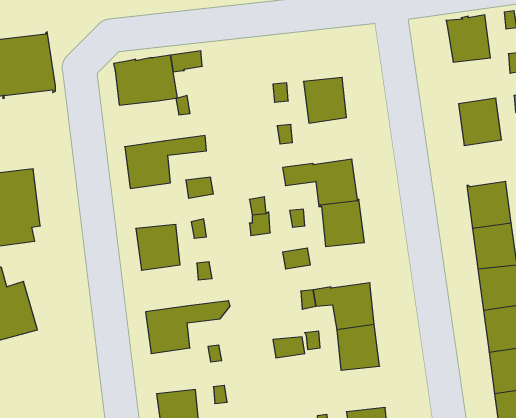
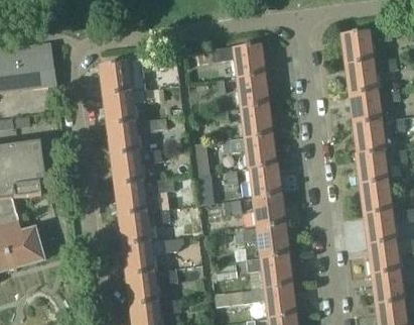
building: none -> [199,43,265,78]
building: none -> [346,61,377,94]
building: none -> [103,92,135,125]
building: none -> [241,104,272,138]
building: none -> [354,120,385,154]
building: none -> [111,151,144,185]
building: none -> [253,195,285,228]
building: none -> [119,211,151,245]
building: none -> [126,272,158,305]
building: none -> [215,285,296,318]

